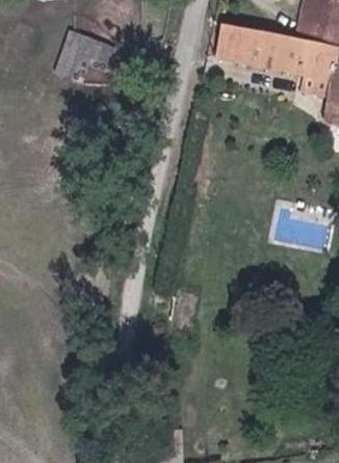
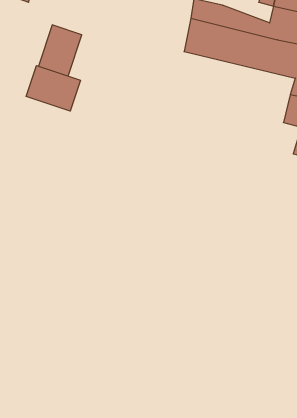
building: none -> [26,66,81,111]

